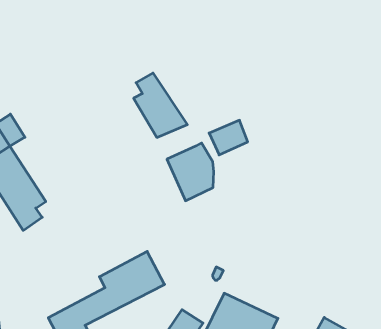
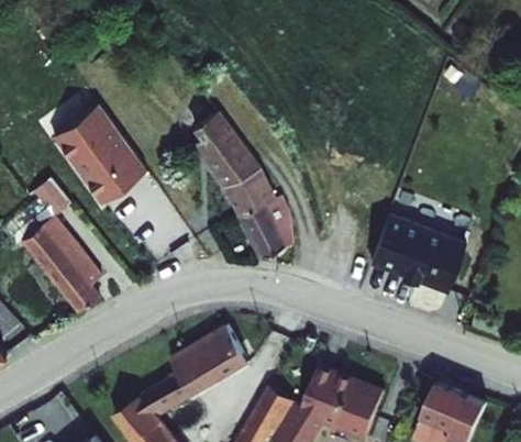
building: none -> [53,108,145,207]
building: [209,120,248,155] -> [222,170,268,213]
building: none -> [373,214,466,290]

